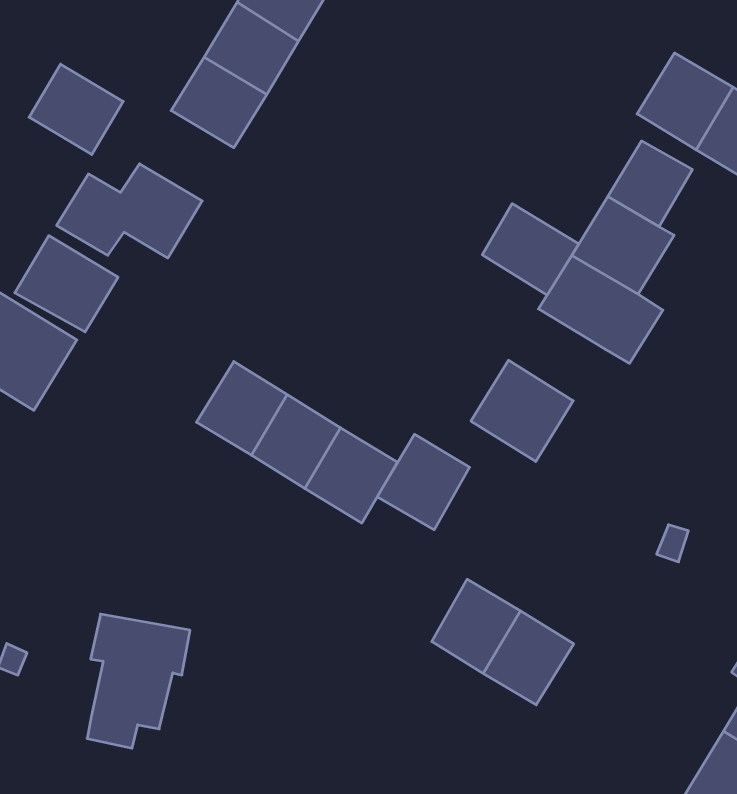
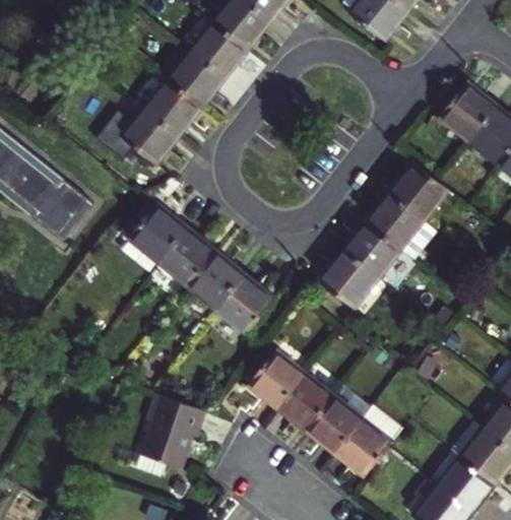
building: [29,64,123,155] -> [145,79,201,134]
building: [608,141,692,227] -> none
building: [482,204,579,295] -> [344,222,401,278]
building: [15,236,118,332] -> none
building: none -> [127,204,185,262]
building: [377,434,470,530] -> [248,350,304,407]
building: [87,614,190,748] -> [137,396,205,476]
building: none -> [334,405,402,476]

